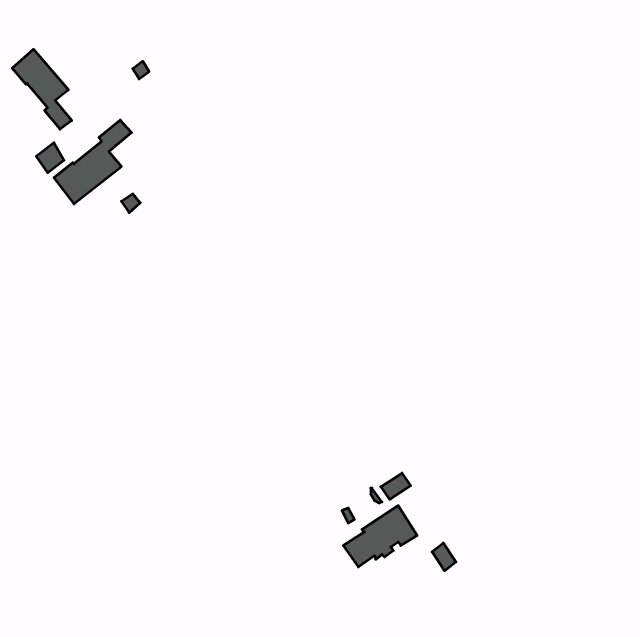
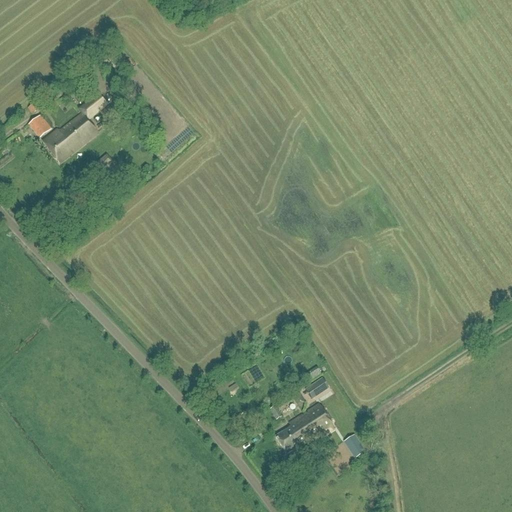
building: [12,49,72,129] -> none

